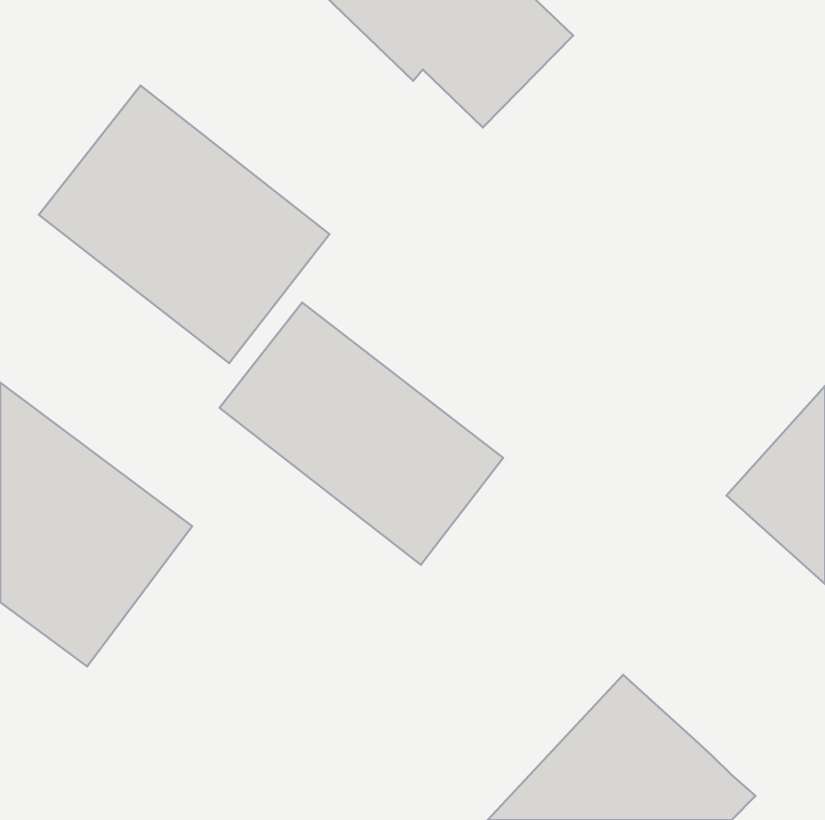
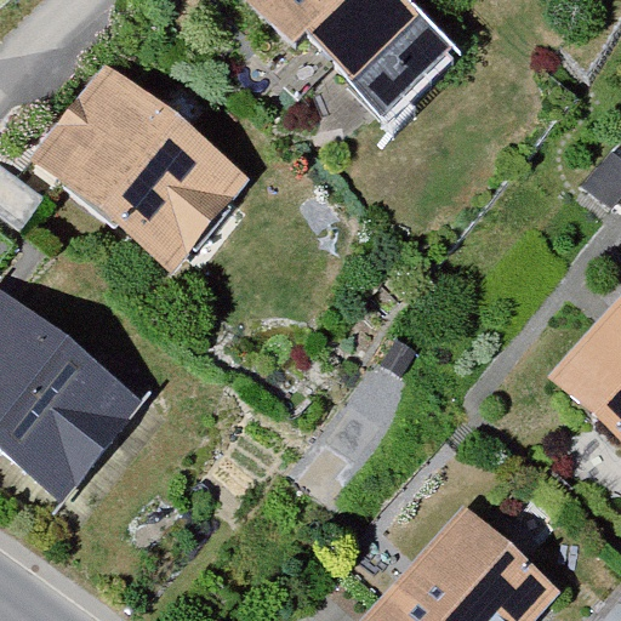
building: [219,302,503,565] -> none

